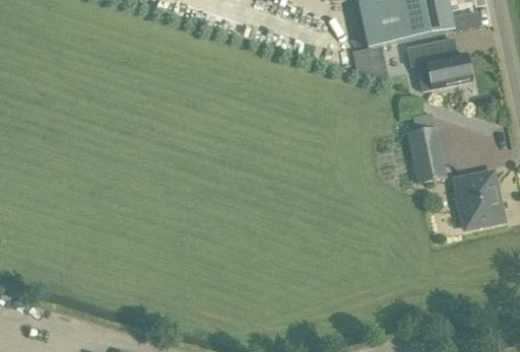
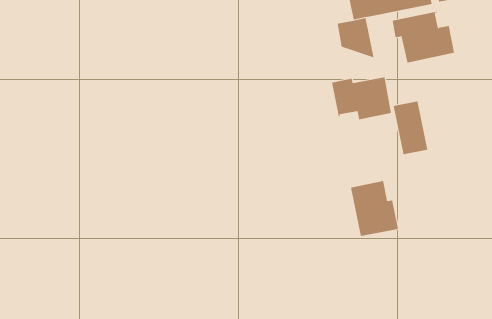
building: none -> [332,77,391,120]
building: [454,172,503,228] -> [350,180,399,236]

